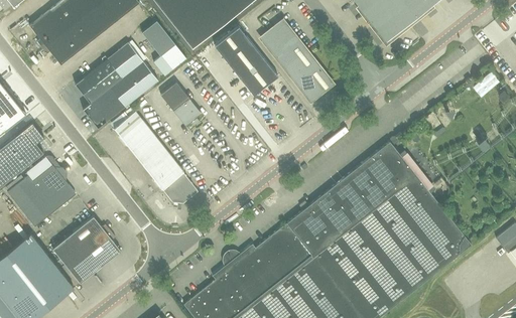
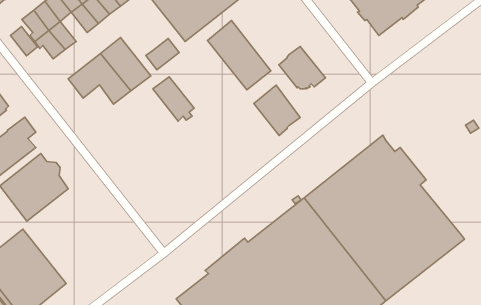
building: [68,18,95,47] -> [10,27,38,56]
building: [261,20,307,70] -> [254,85,300,136]
building: [142,21,175,56] -> none
building: [83,91,121,128] -> none
building: [112,105,198,202] -> none
building: [52,216,121,284] -> none

